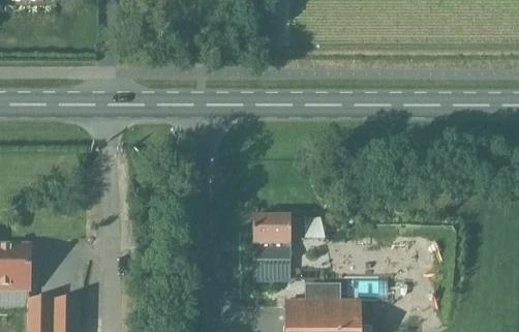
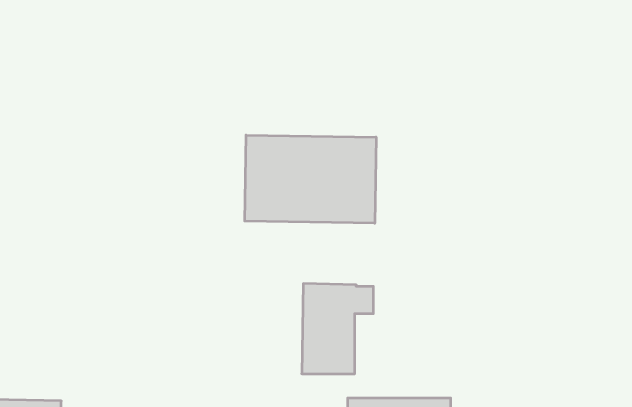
building: none -> [245,135,376,223]

